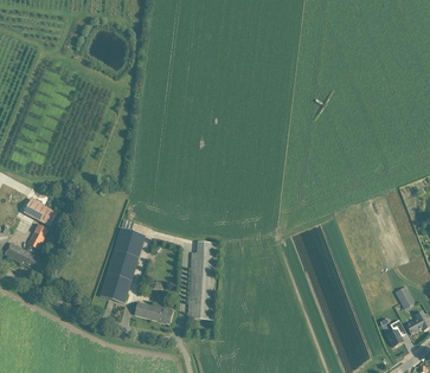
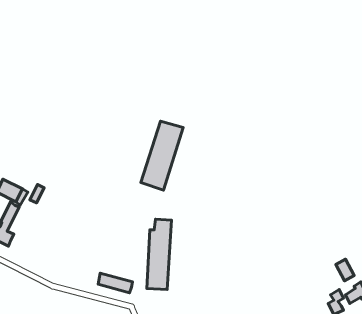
building: [98,227,145,303] -> [141,121,183,190]

